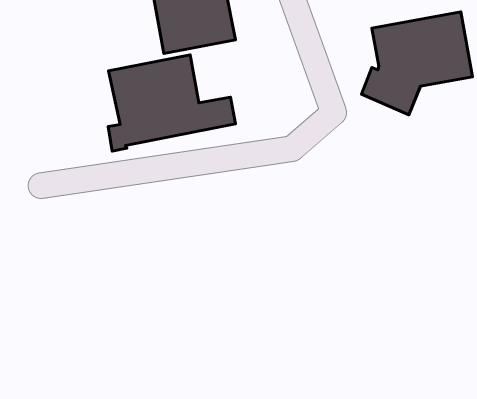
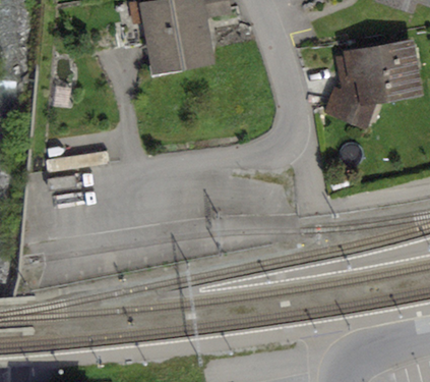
building: [108,55,236,151] -> none

